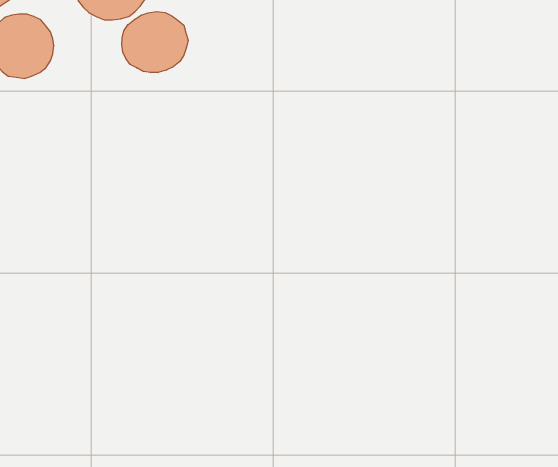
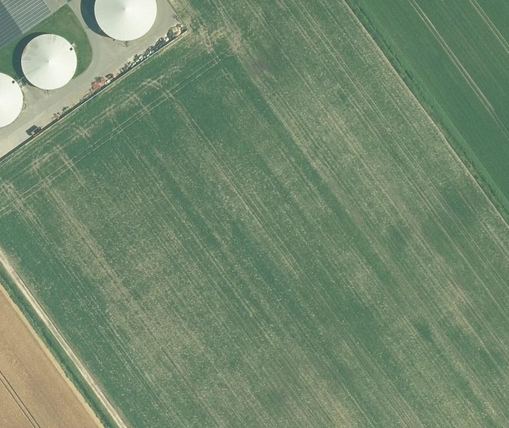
building: [122,12,188,73] -> none

